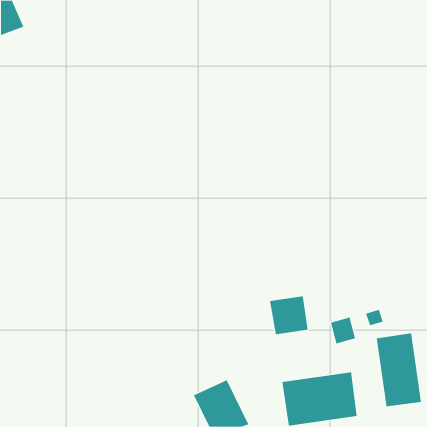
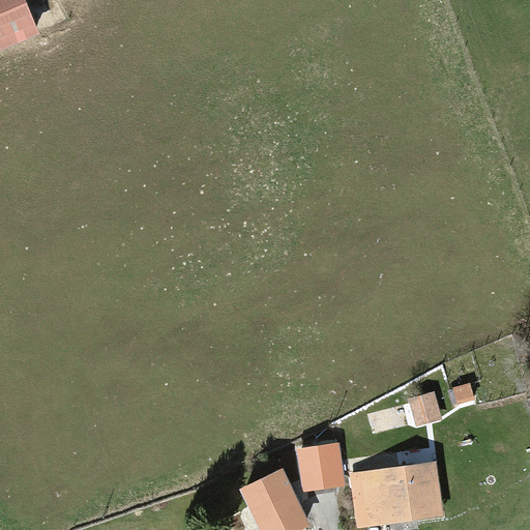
building: [269,296,308,335] -> [296,443,345,492]
building: [376,332,421,407] -> none

